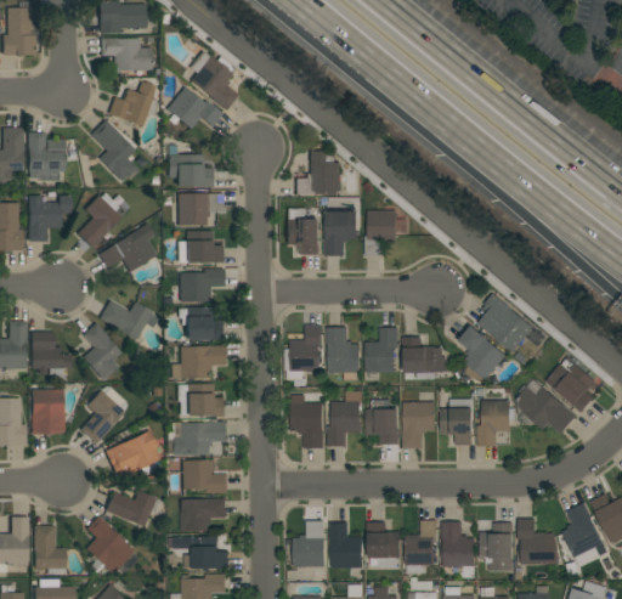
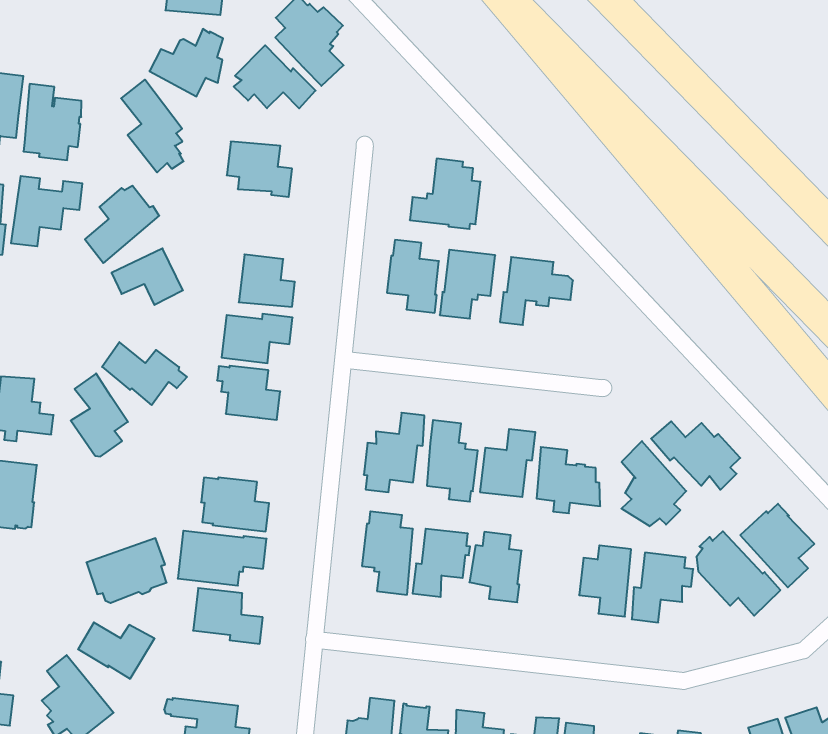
building: [177,193,224,226] -> none
building: [171,345,226,379] -> none
building: [81,390,124,443] -> none
building: [403,402,436,448] -> none
building: [181,498,227,532] -> none

